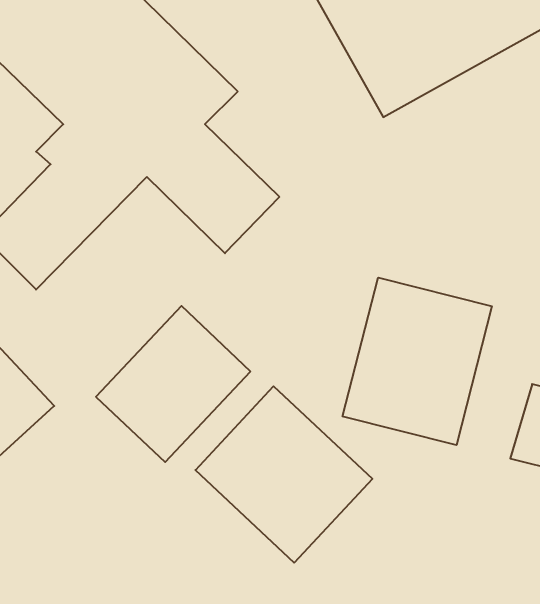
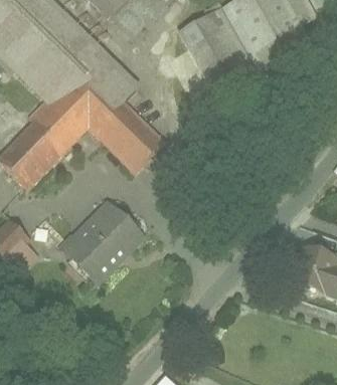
building: [343,278,492,445] -> none
building: [195,386,372,563] -> none

